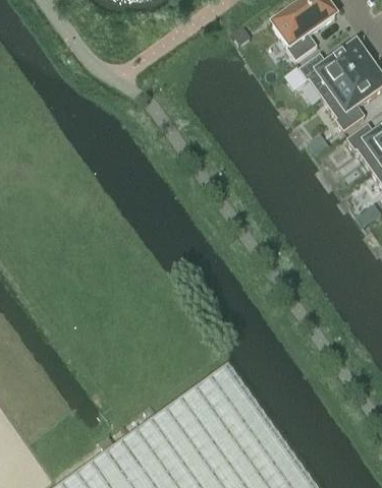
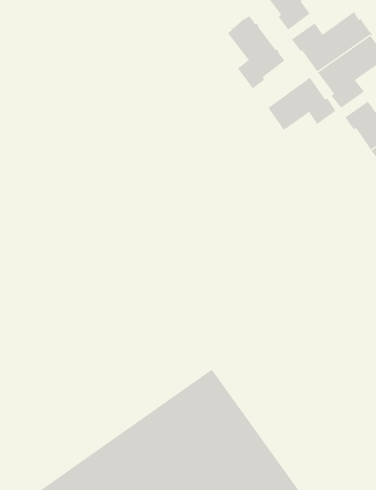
building: none -> [227,15,285,89]
building: none -> [268,77,336,131]

